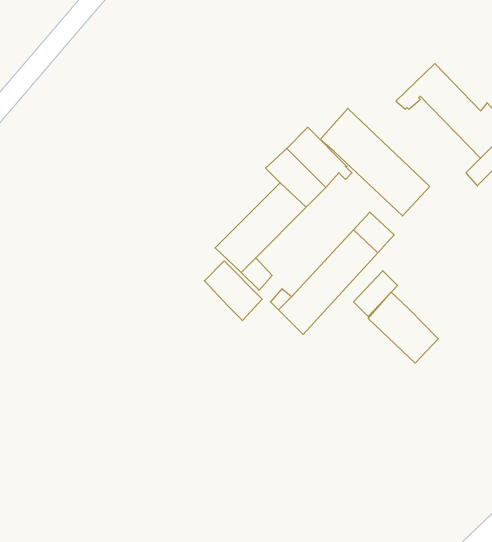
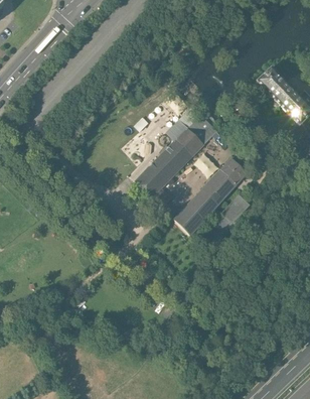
building: [320,108,430,216] -> none
building: [204,261,262,321] -> none
building: [368,292,438,363] -> none

